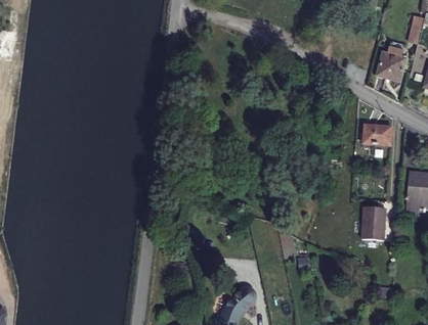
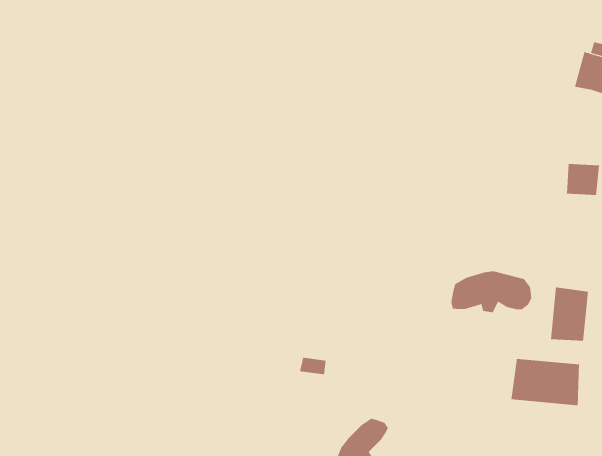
building: none -> [451,270,532,313]
building: none -> [511,358,580,406]

